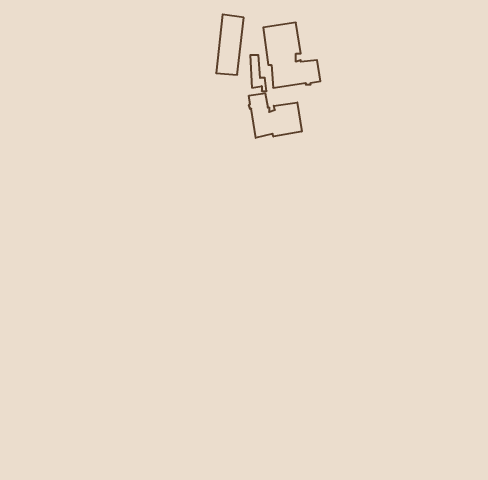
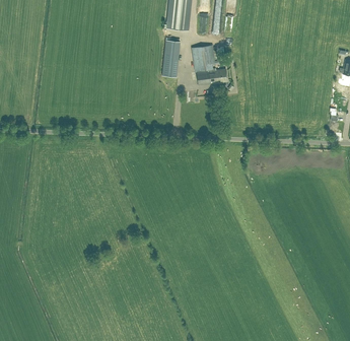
building: [249,93,302,138] -> none

